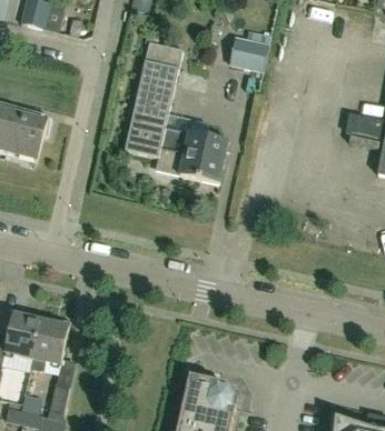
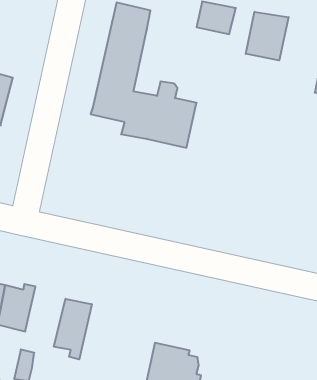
building: none -> [246,12,289,60]
building: none -> [54,299,92,359]

